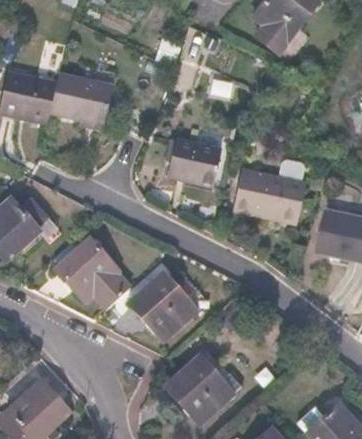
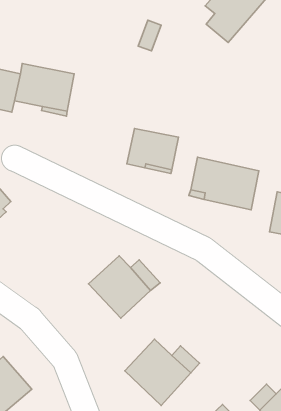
building: [56,236,129,309] -> none

